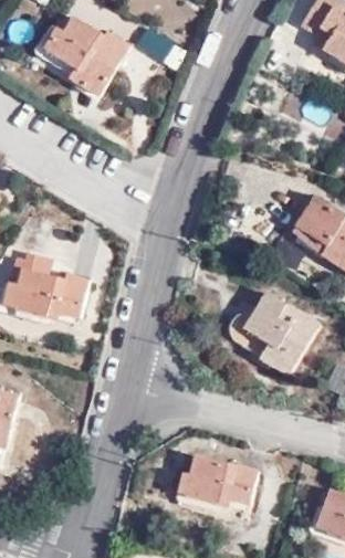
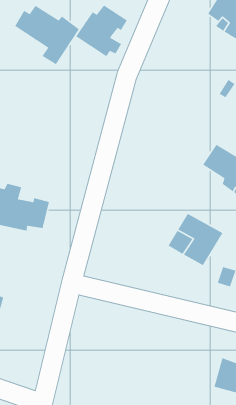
building: none -> [75,5,128,57]
building: [170,459,252,509] -> none

